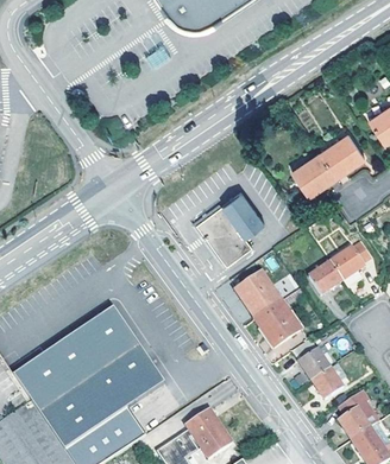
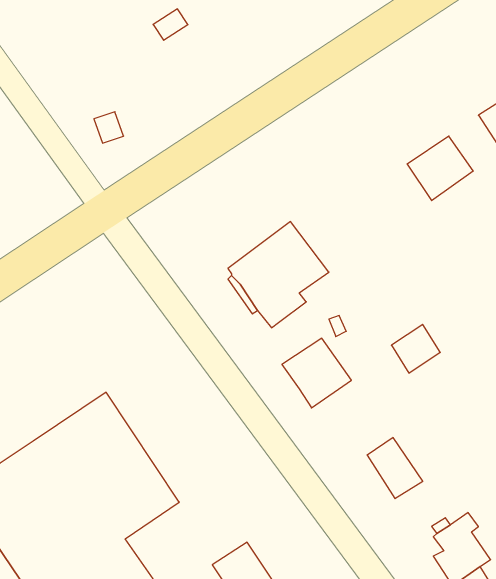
building: [290,152,335,196] -> none
building: [329,247,364,288] -> none
building: [253,287,304,348] -> none
building: [310,362,347,400] -> none

